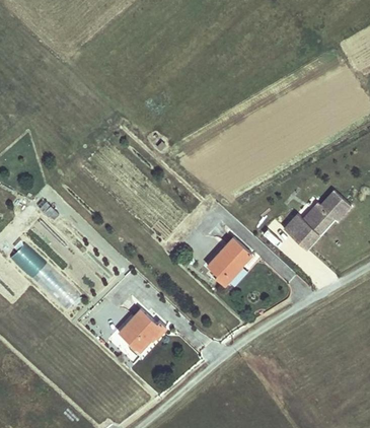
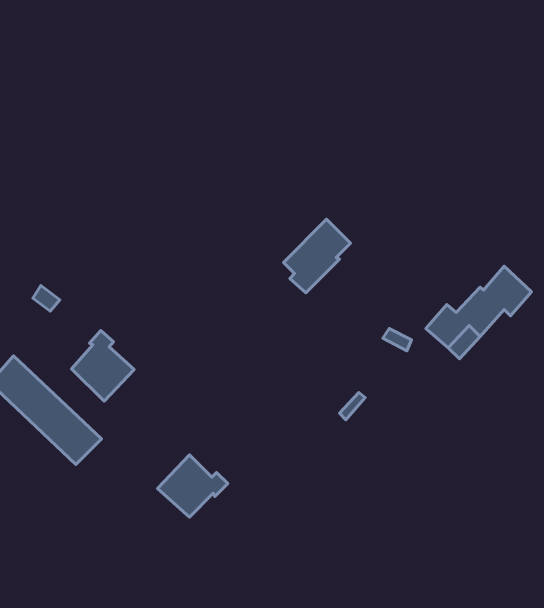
building: none -> [72,331,134,401]
building: [208,237,250,284] -> [283,219,351,293]

